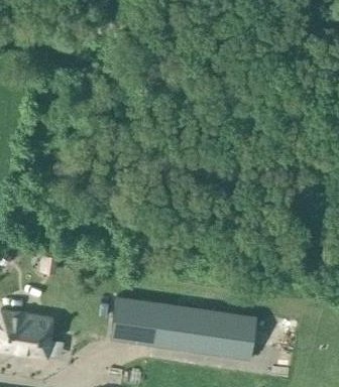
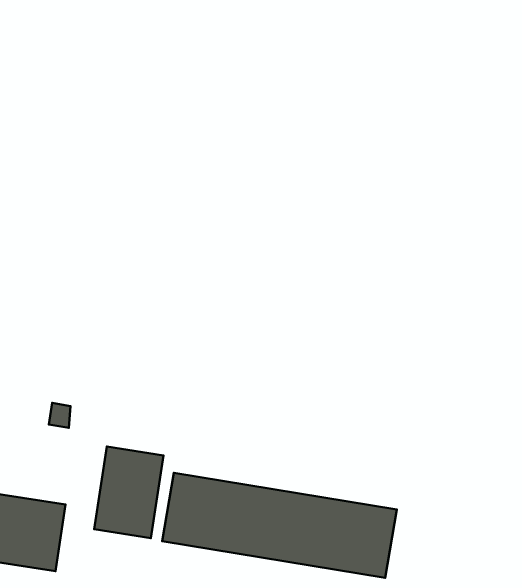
building: none -> [94,447,164,538]

